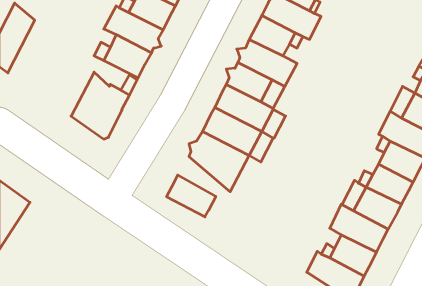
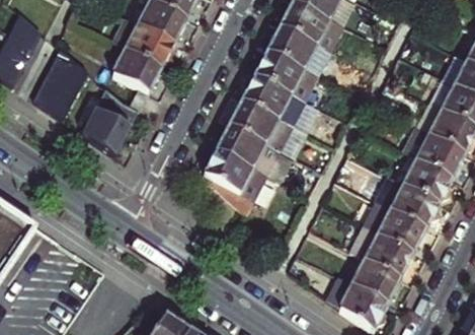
building: none -> [32,45,87,118]
building: [167,175,216,217] -> none

